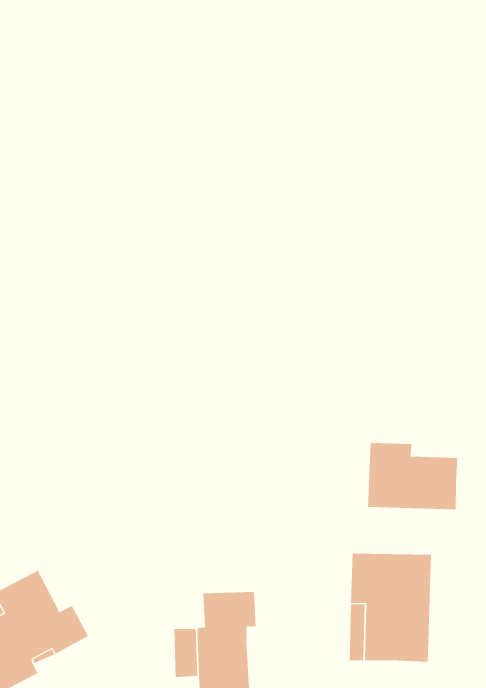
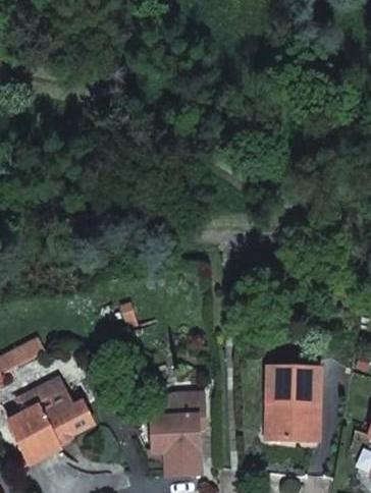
building: [368,442,458,510] -> none

